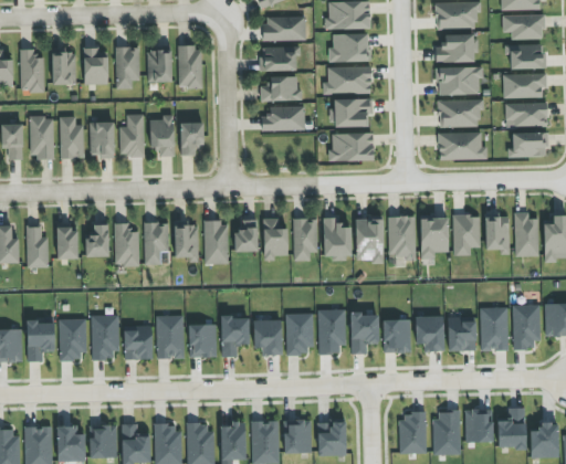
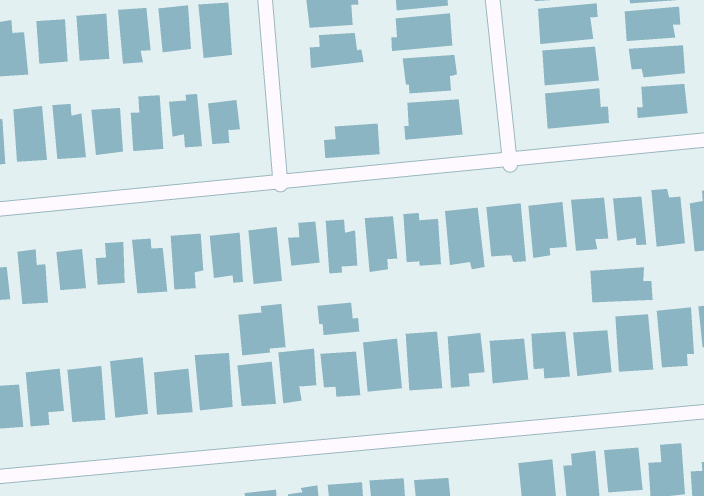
building: [261,106,304,130] -> [323,123,381,158]
building: none -> [590,266,653,303]
building: none -> [238,303,286,356]
building: none -> [317,302,360,336]

